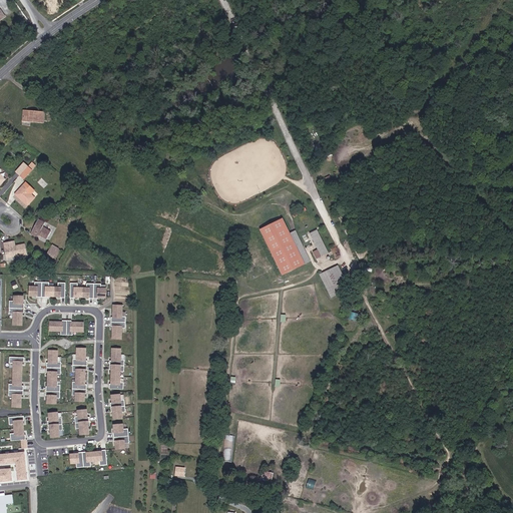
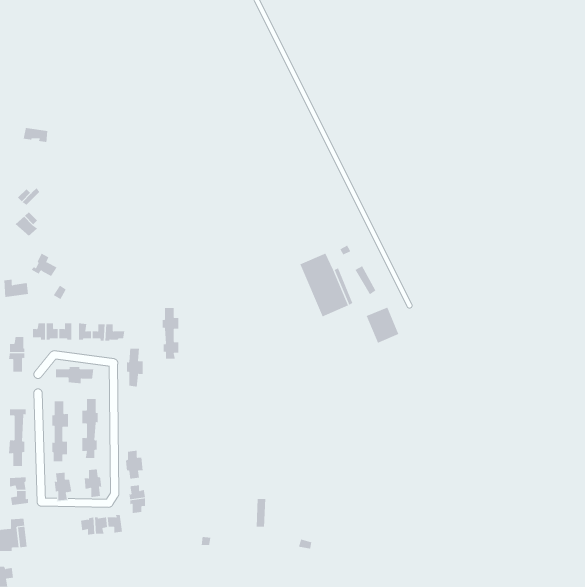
building: none -> [162,307,179,360]
building: [108,348,124,388] -> none

